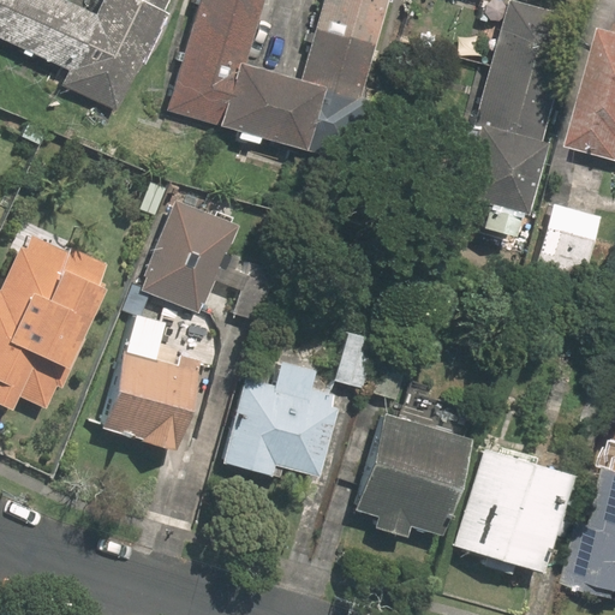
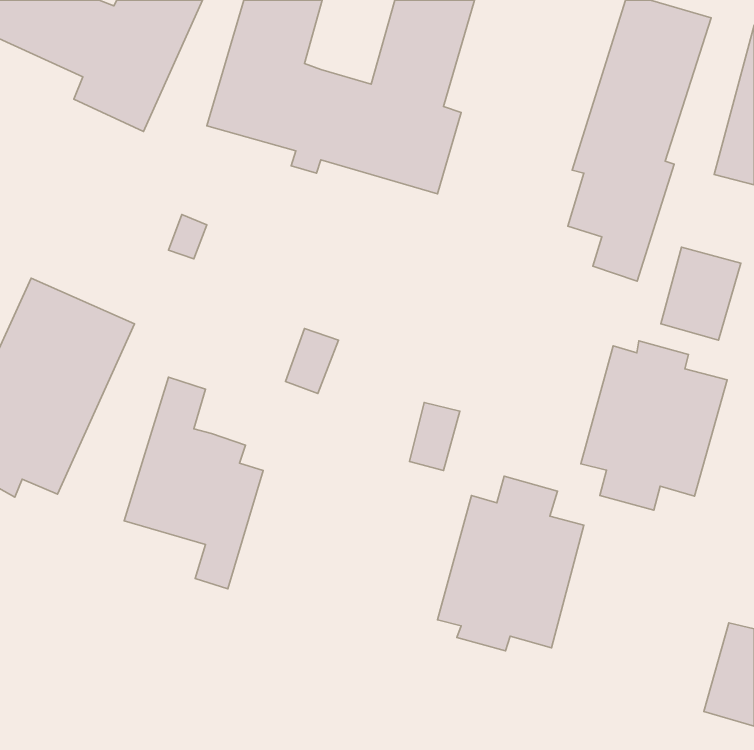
building: [141,197,237,312] -> none
building: none -> [581,341,727,510]
building: [221,357,338,474] -> none
building: [455,442,591,573] -> none

